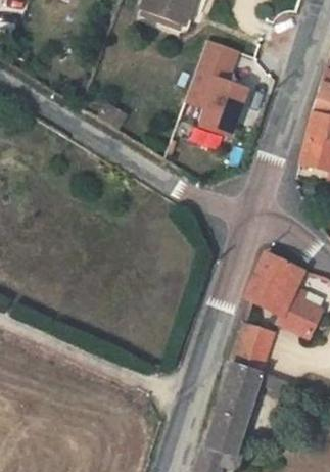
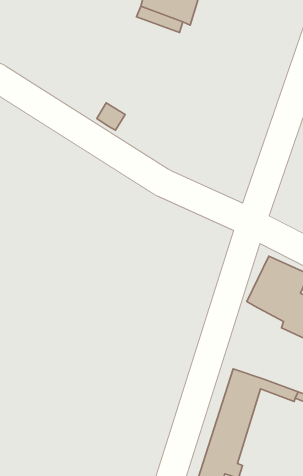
building: [186,42,246,139] -> none
building: [231,322,271,372] -> none

